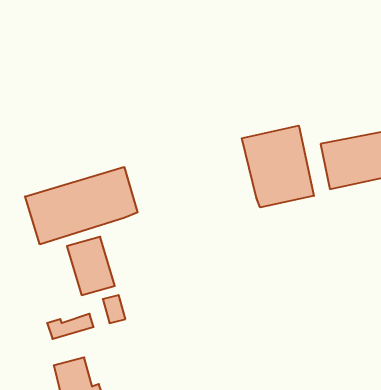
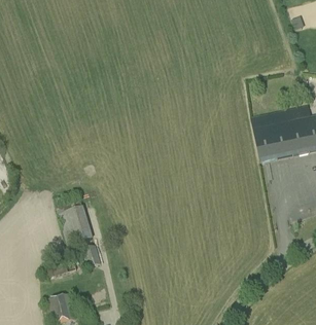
building: [242,126,314,207] -> none
building: [25,167,138,244] -> none

